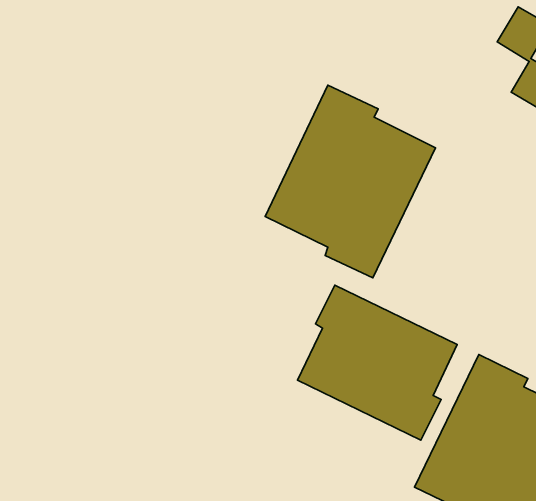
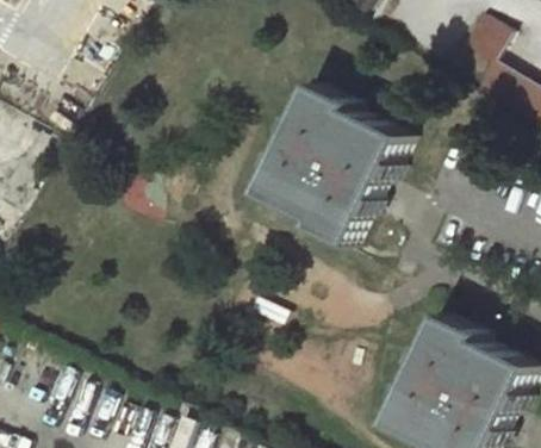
building: [298,285,457,440] -> none

